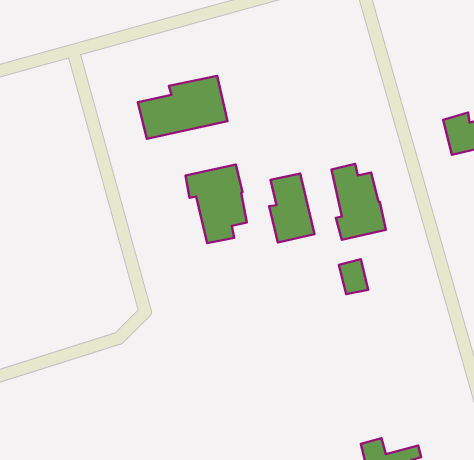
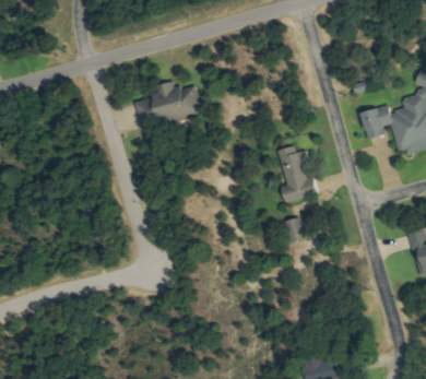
building: [185,165,247,243] -> none
building: [269,173,314,242] -> none

